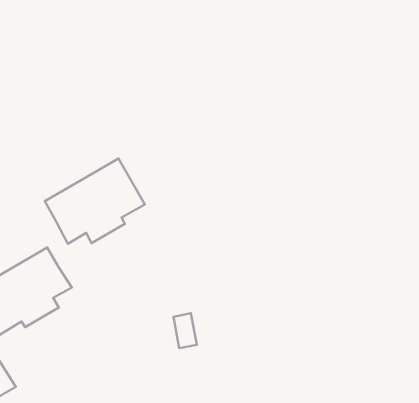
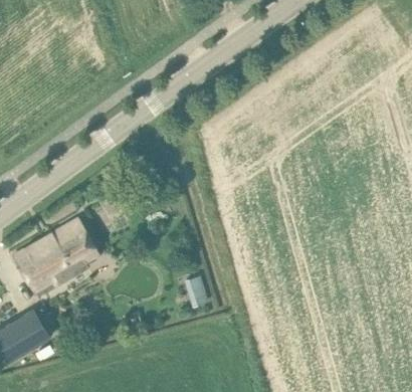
building: [45,159,145,244] -> none

